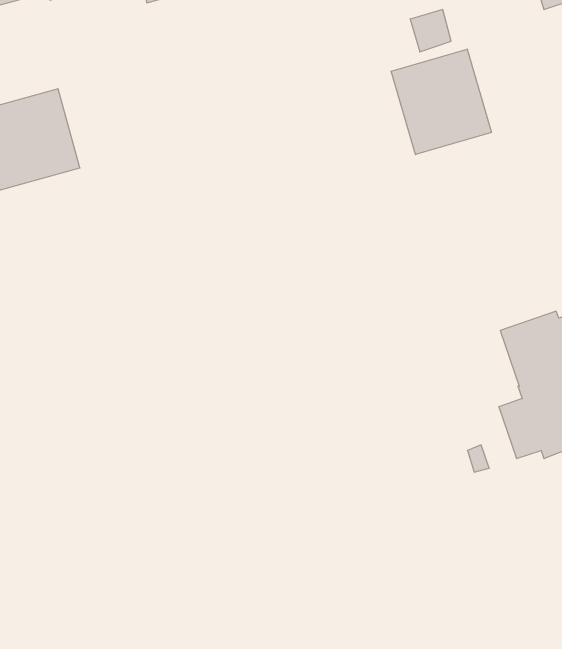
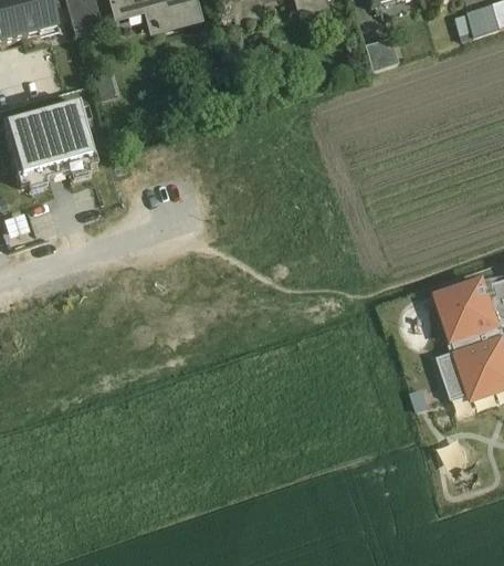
building: [391,49,492,155] -> none

